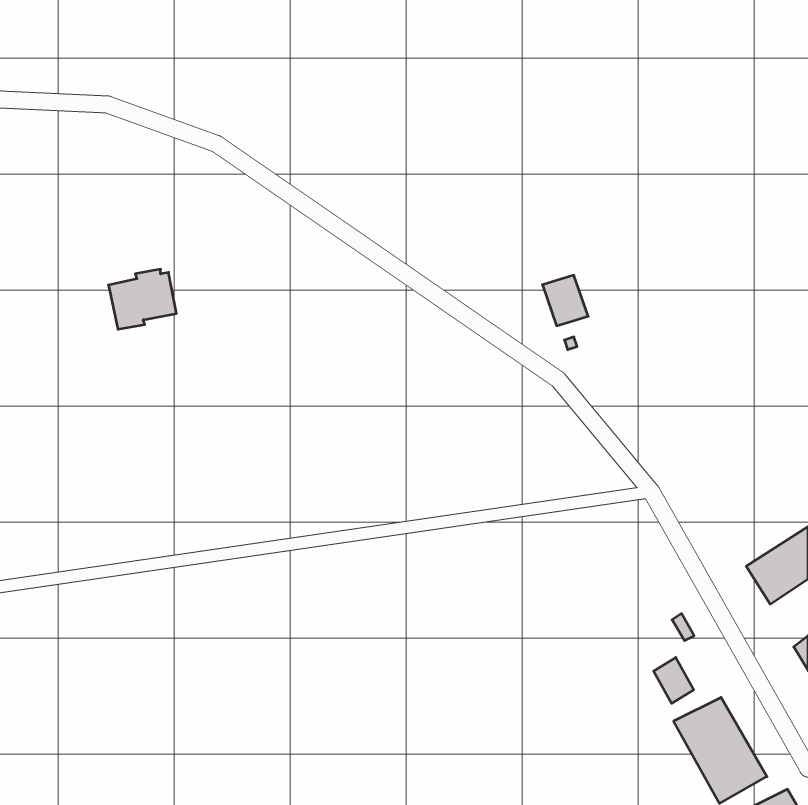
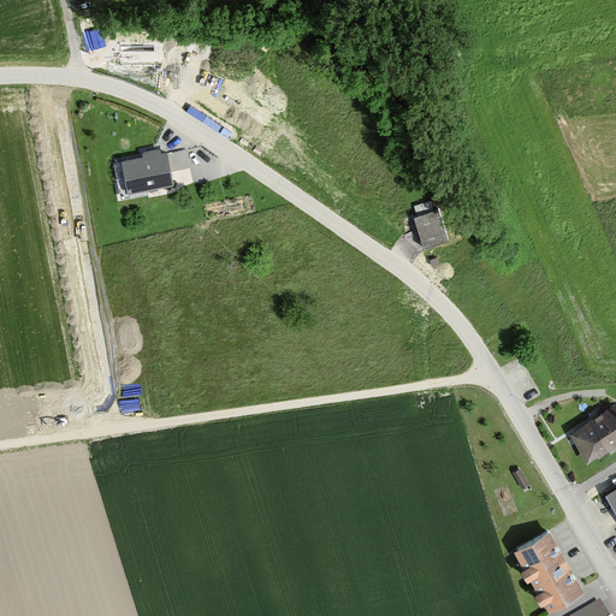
building: [108,269,176,329] -> [118,148,170,194]
building: [654,657,694,703] -> none

